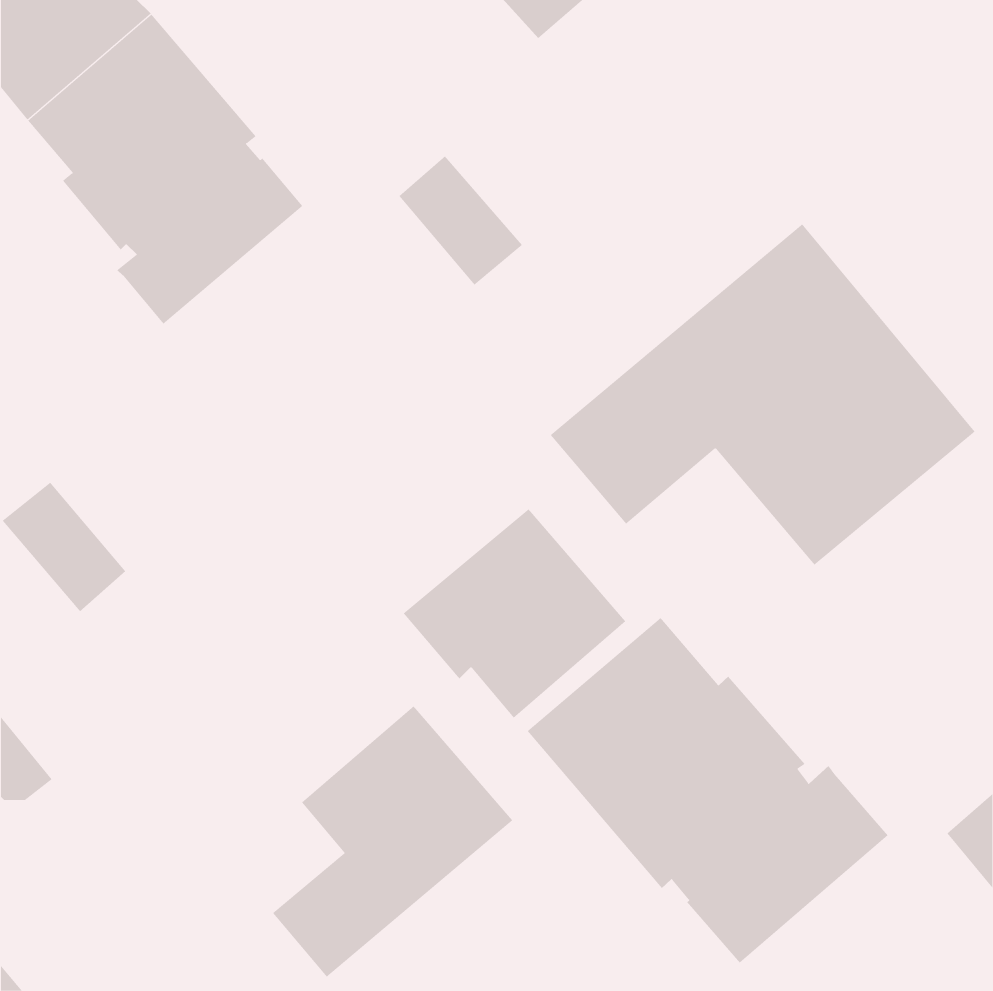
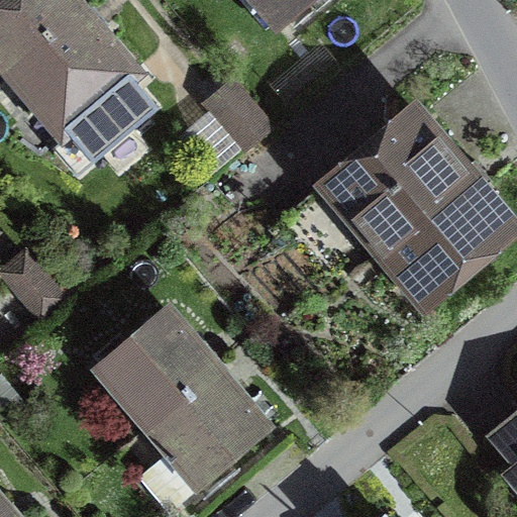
building: [403,509,626,718] -> [99,308,215,417]
building: [527,617,888,963] -> none

